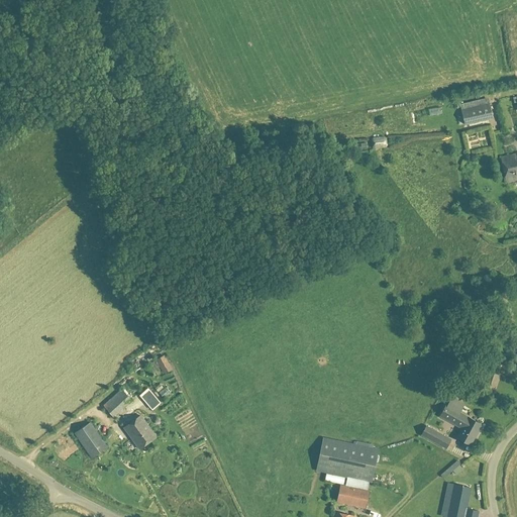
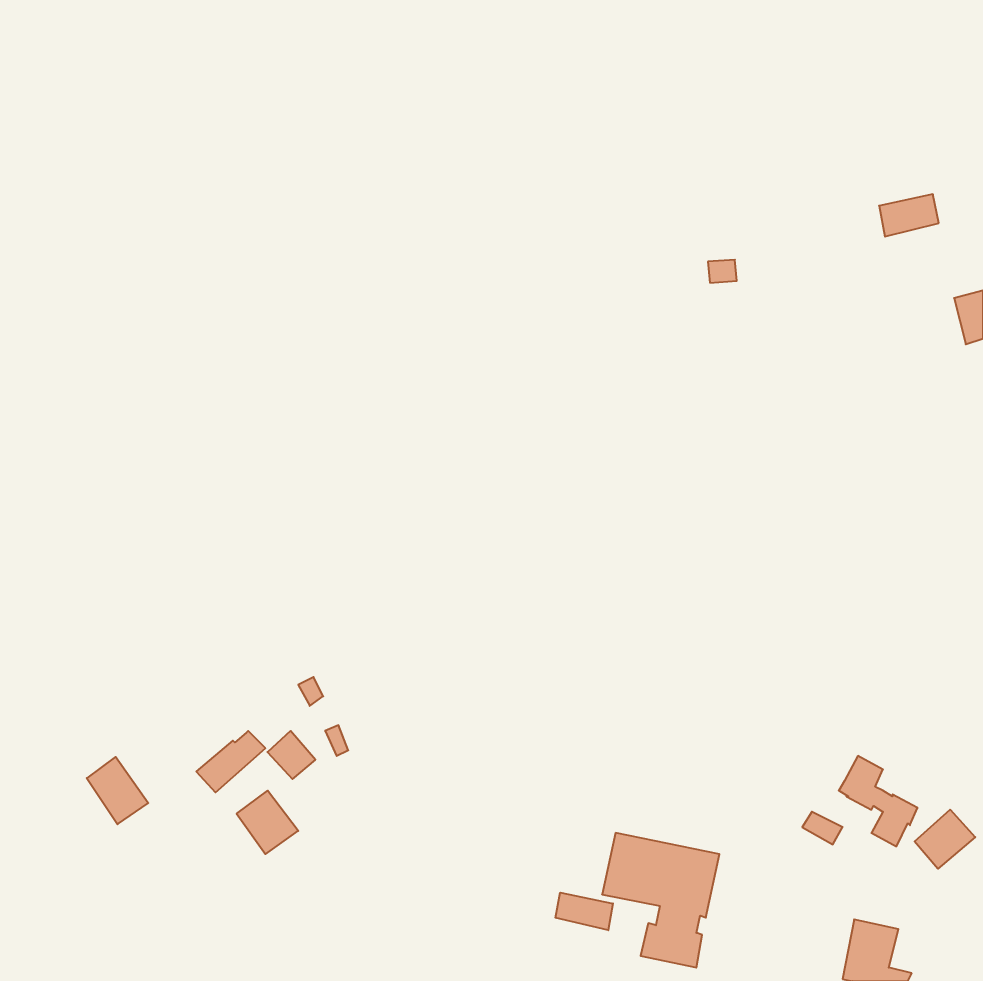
building: [75,422,107,457] -> [87,757,148,824]
building: none -> [915,810,975,869]
building: none -> [555,893,613,930]

